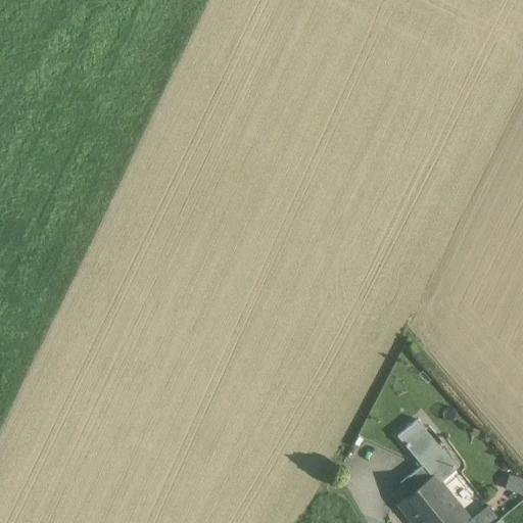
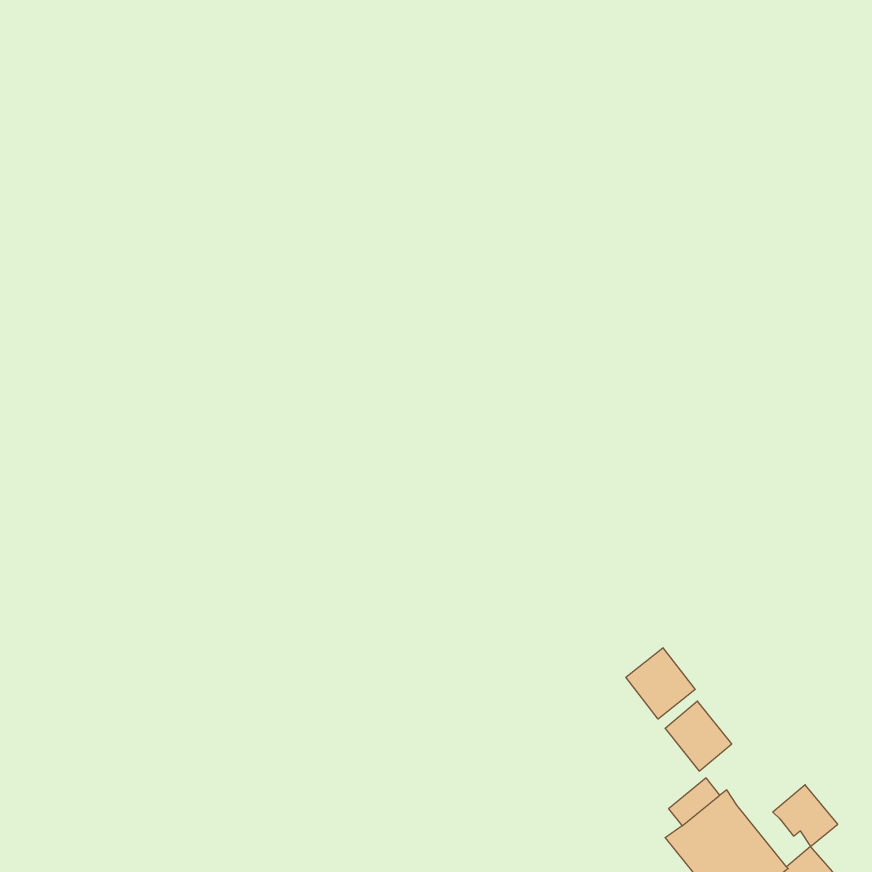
building: none -> [626,648,695,719]
building: [419,445,458,482] -> [773,785,838,846]

